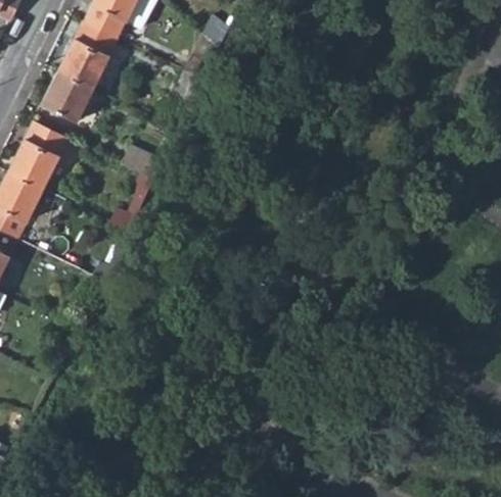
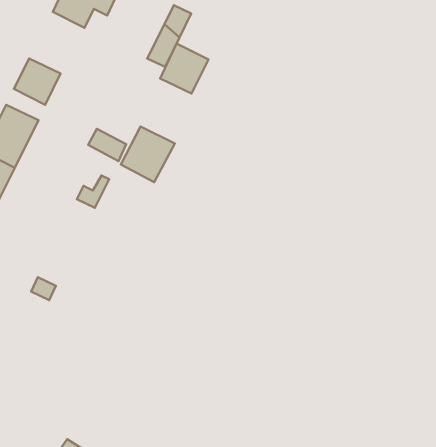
building: [58,21,118,88] -> none
building: none -> [160,44,208,93]
building: none -> [121,126,175,182]

